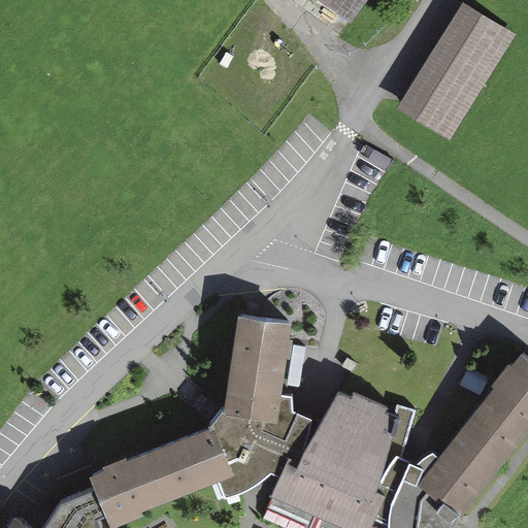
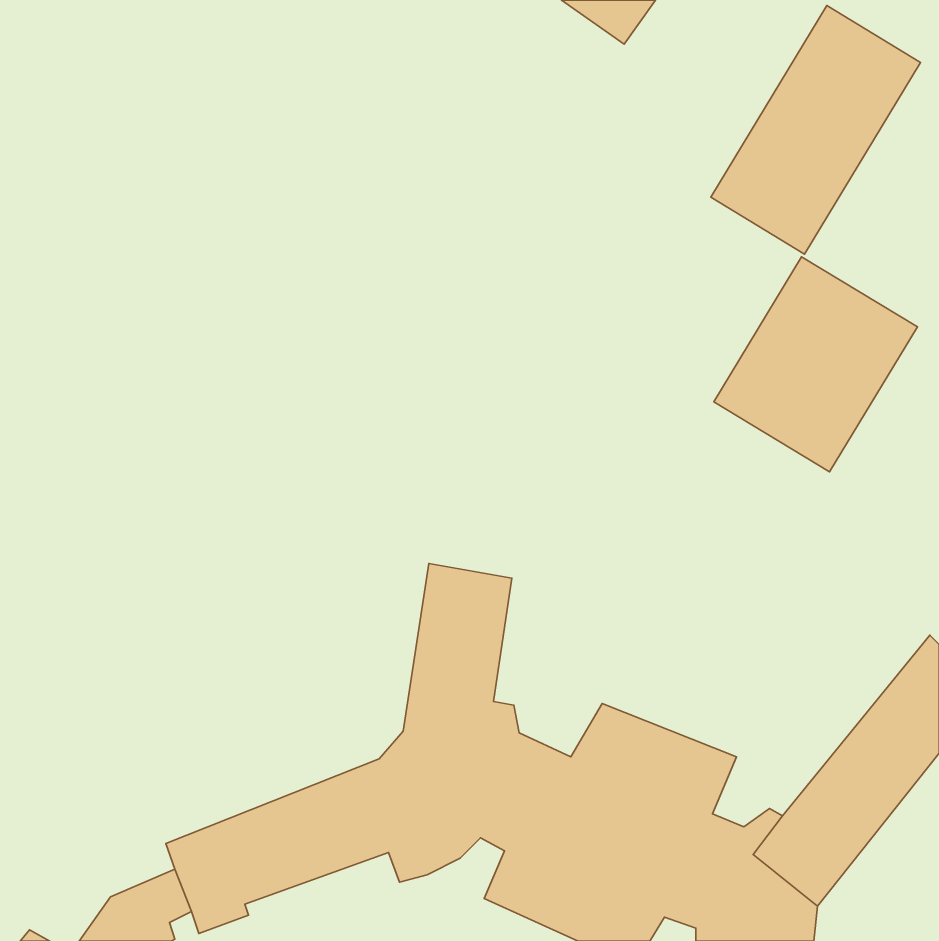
building: none -> [714,257,917,472]

